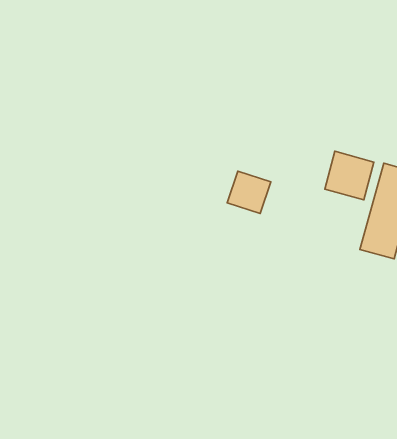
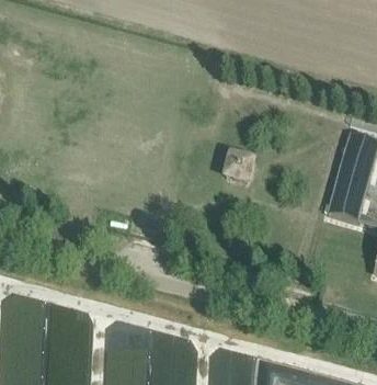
building: [325,151,374,200] -> none

